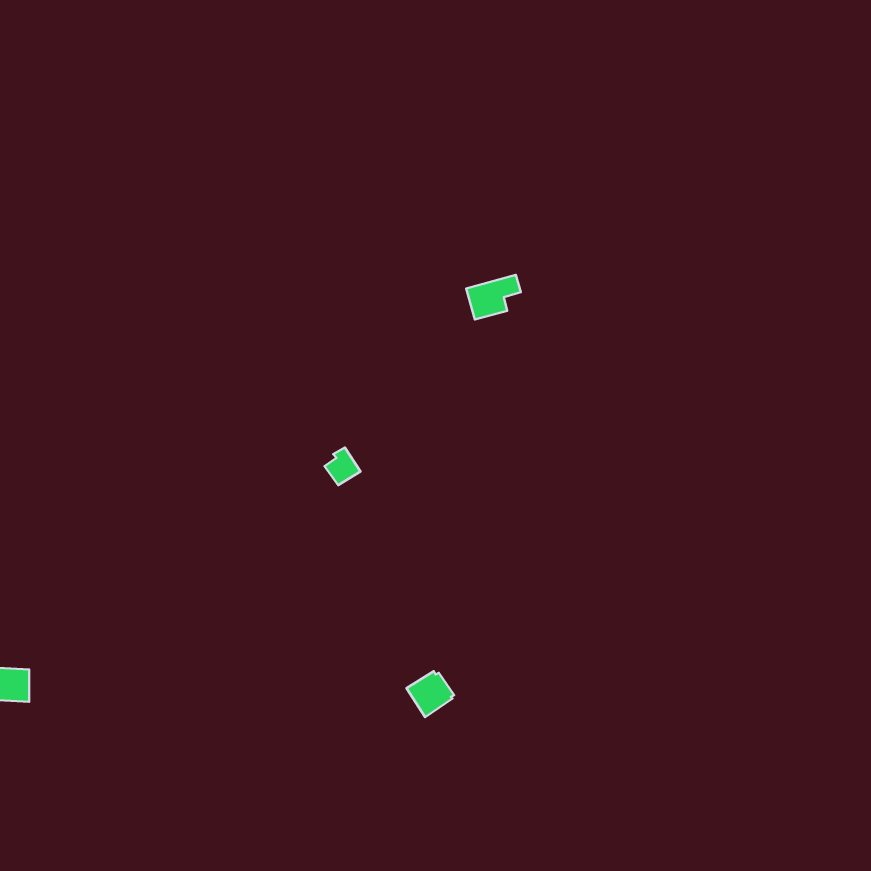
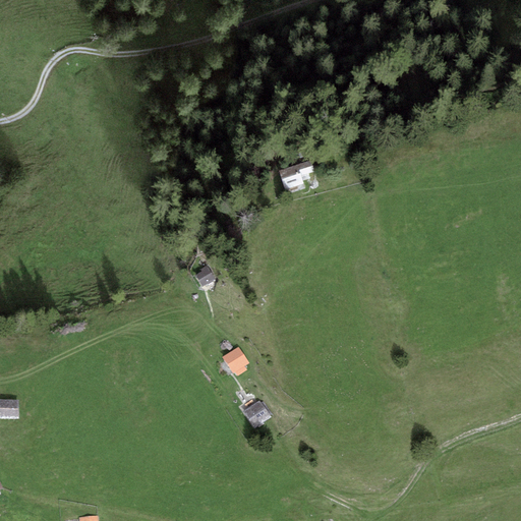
building: none -> [221,346,248,375]

